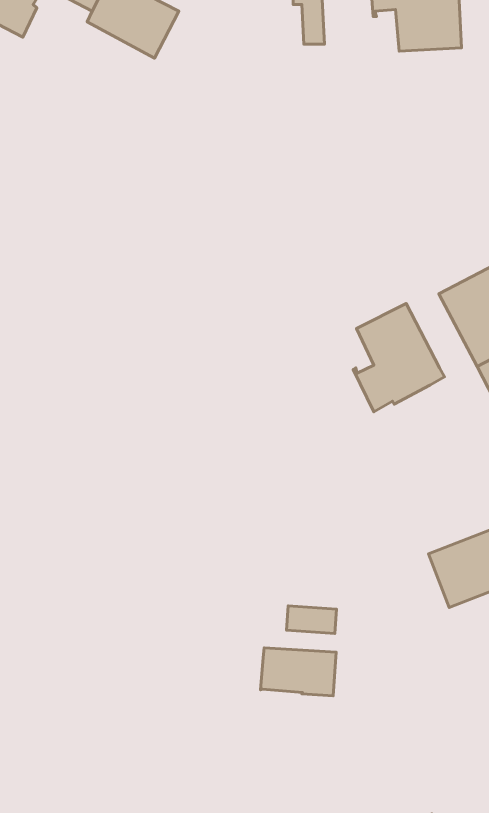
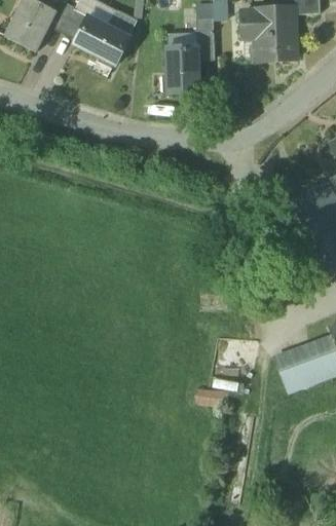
building: none -> [166,45,199,92]
building: [353,304,445,412] -> none
building: [260,648,336,696] -> none

